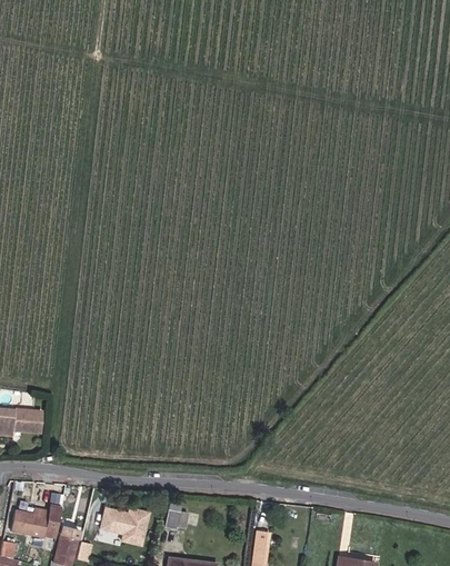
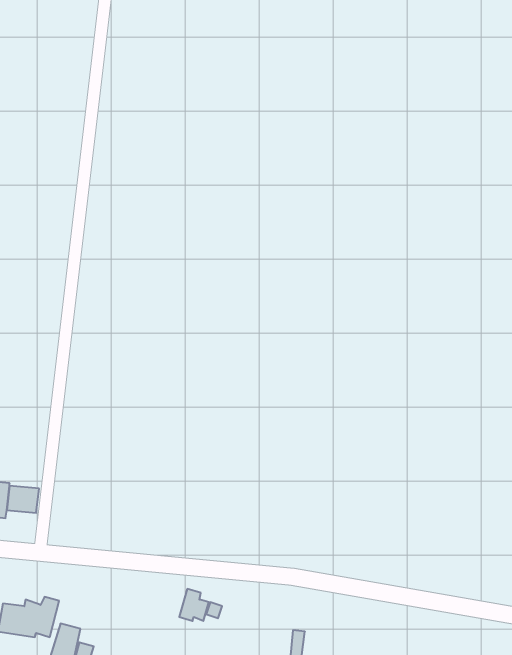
building: [98,500,147,539] -> none

